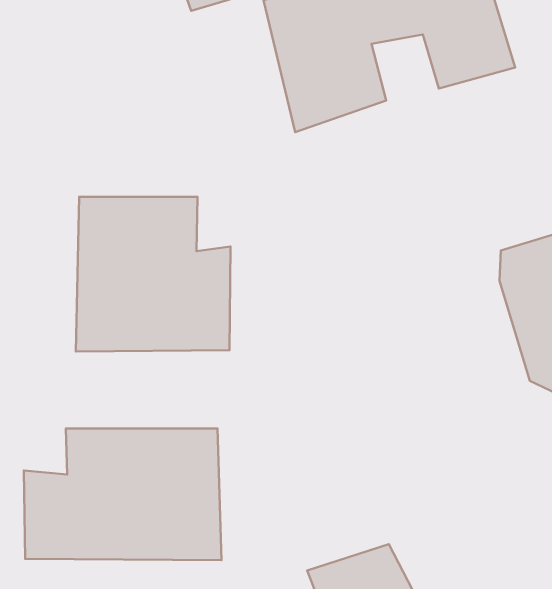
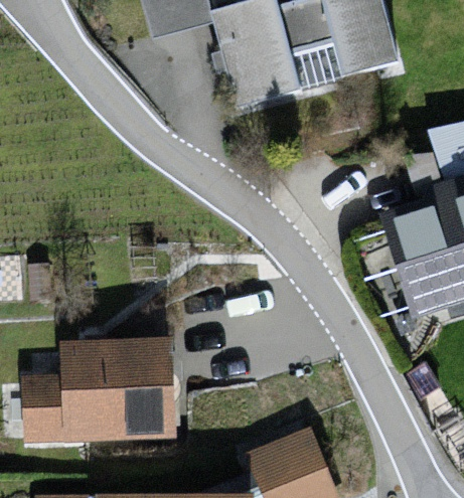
building: [76,197,230,352] -> none

